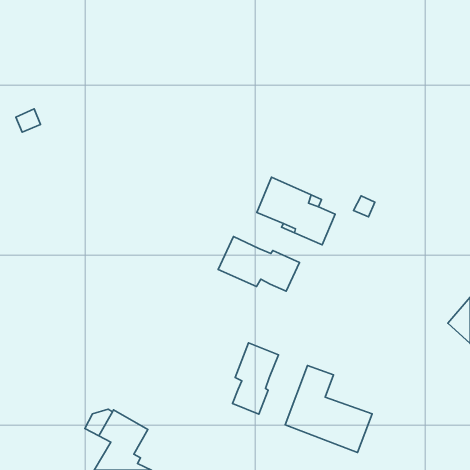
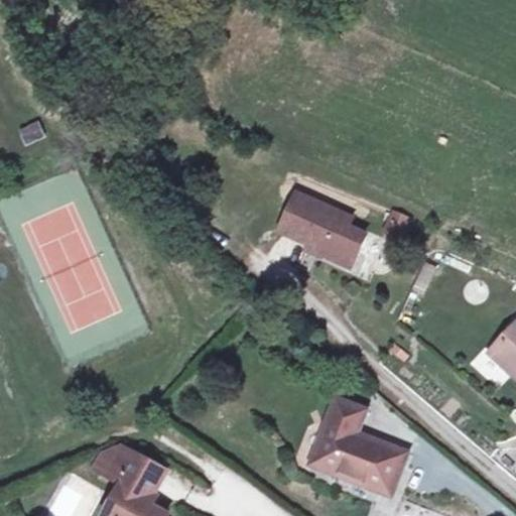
building: [218,236,299,291] -> none
building: [233,343,279,414] -> none

